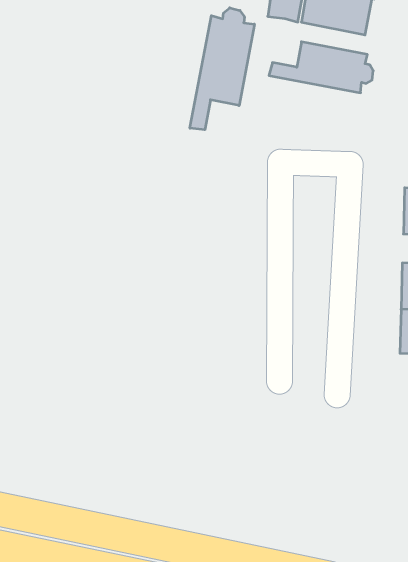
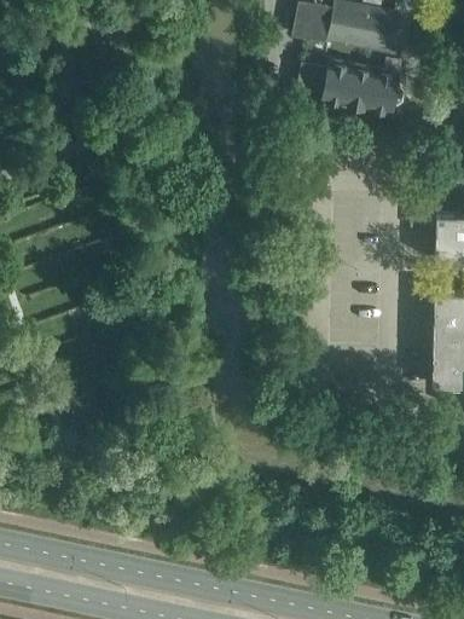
building: [190,8,254,130] -> none

